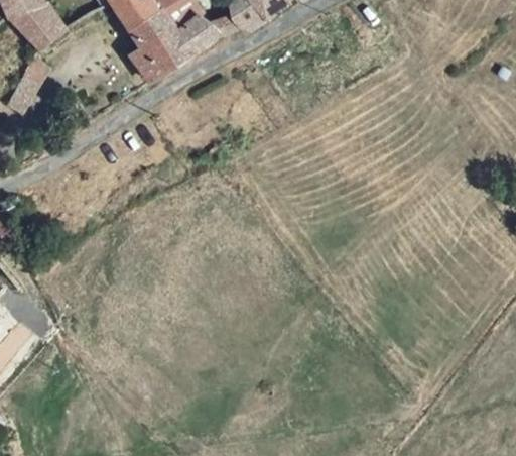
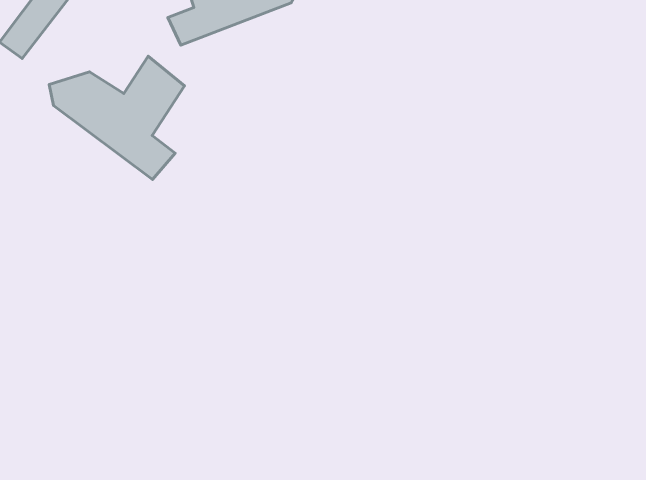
building: none -> [49,56,184,180]

